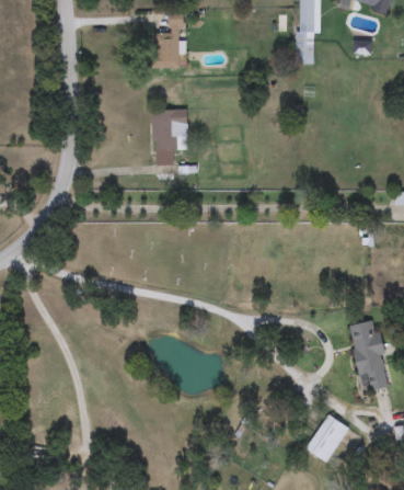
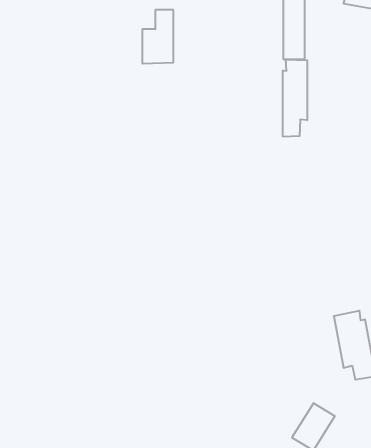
building: none -> [283,60,307,137]
building: [151,110,188,166] -> none

